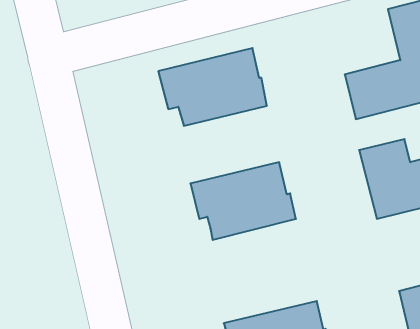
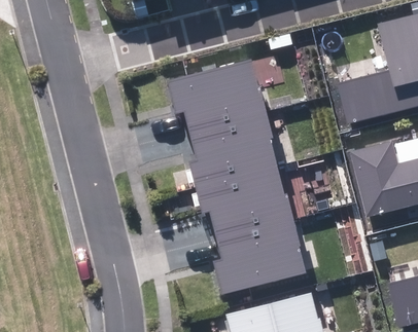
building: none -> [187,112,276,184]
building: none -> [212,217,305,294]

